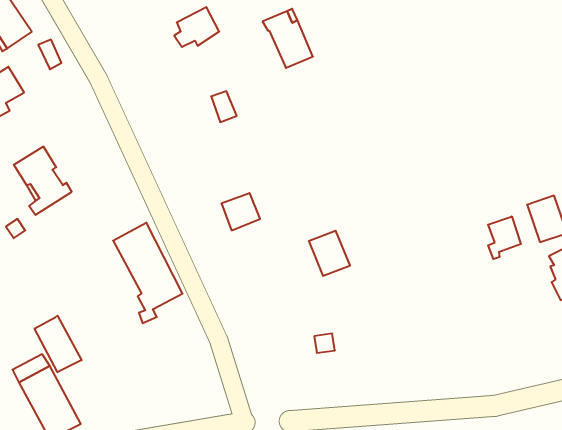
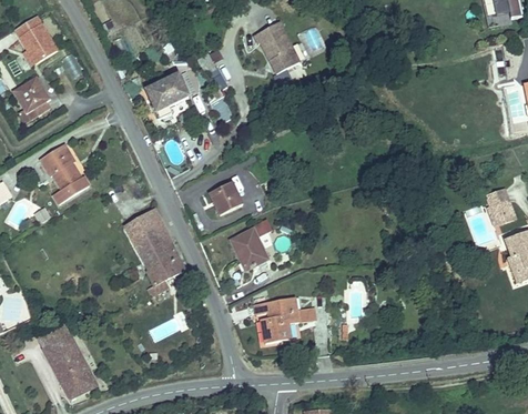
building: [174,7,219,47] -> [149,74,187,109]
building: [488,216,521,259] -> none
building: [309,231,350,276] -> [237,235,273,274]
building: [35,316,82,372] -> none
building: none -> [255,307,294,347]

